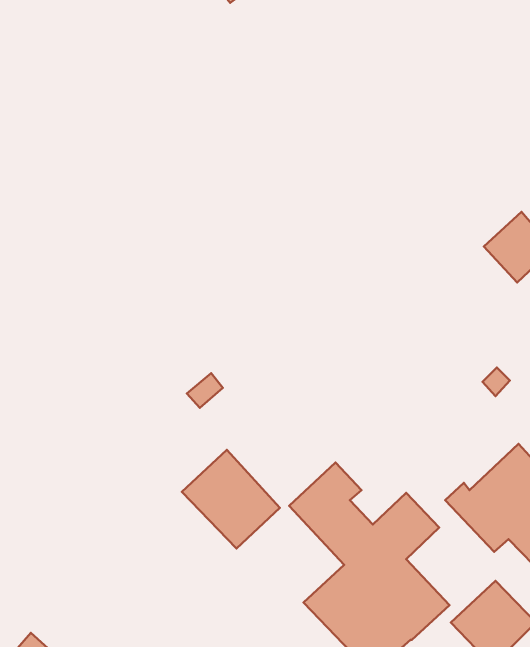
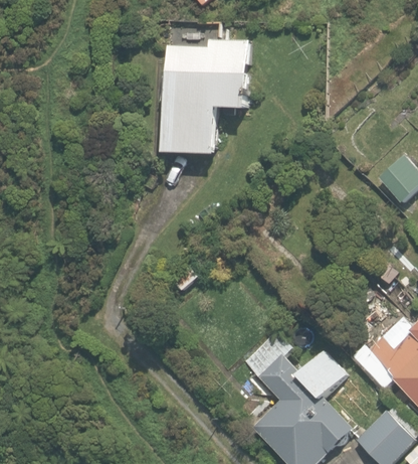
building: none -> [162,39,250,156]
building: [182,450,280,549] -> none

